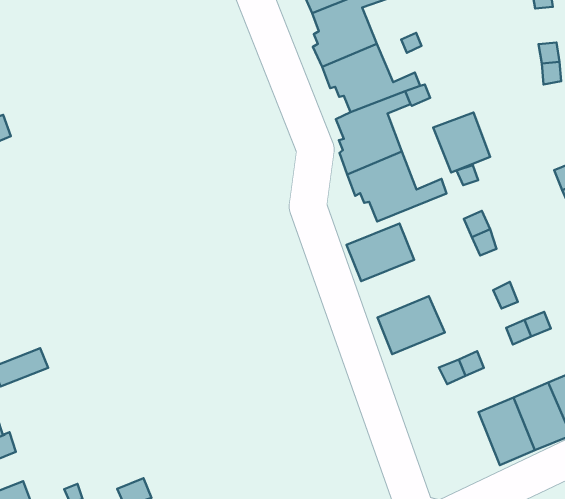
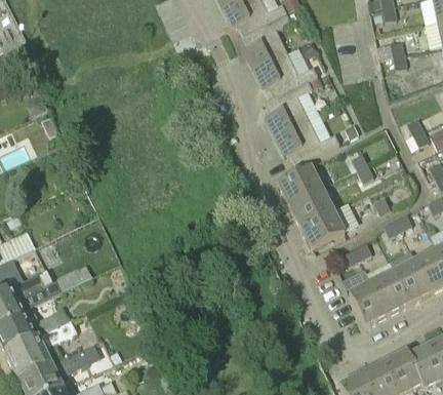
building: [433,113,490,172] -> none
building: none -> [288,188,332,227]
building: none -> [349,282,387,325]

